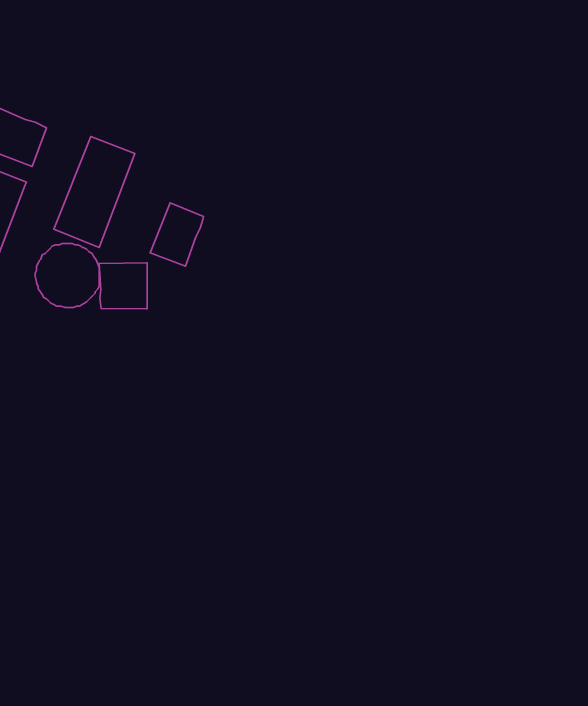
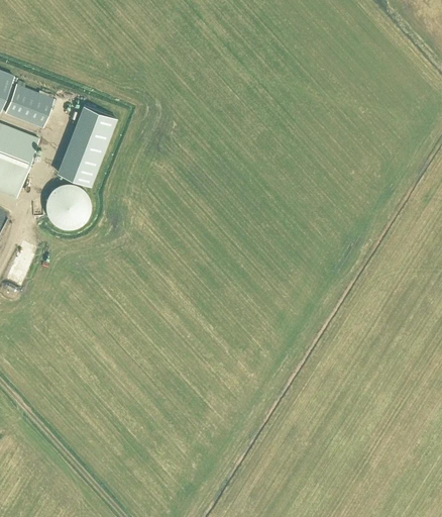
building: [150,203,204,266] -> none
building: [99,263,147,309] -> none

